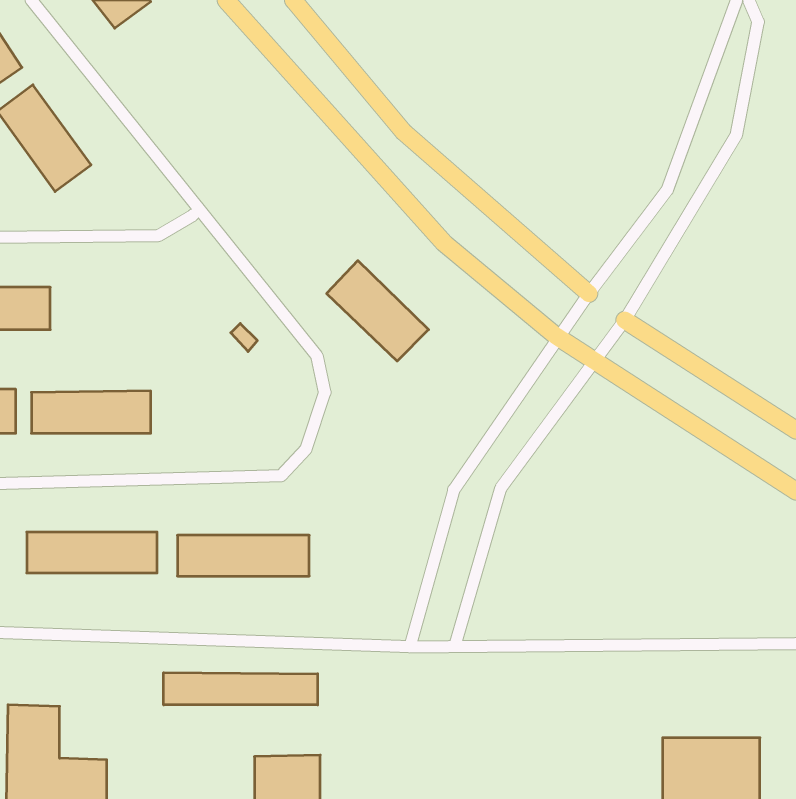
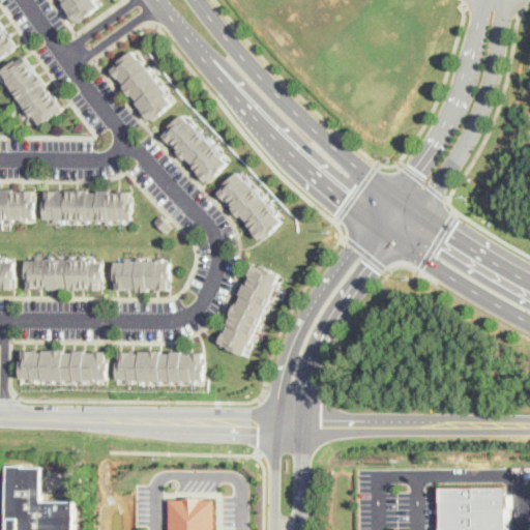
building: none -> [109,51,172,120]
building: none -> [159,115,227,183]
building: none -> [41,194,128,220]
building: none -> [112,262,169,293]
building: none -> [220,264,277,354]
building: [164,673,318,705] -> none

